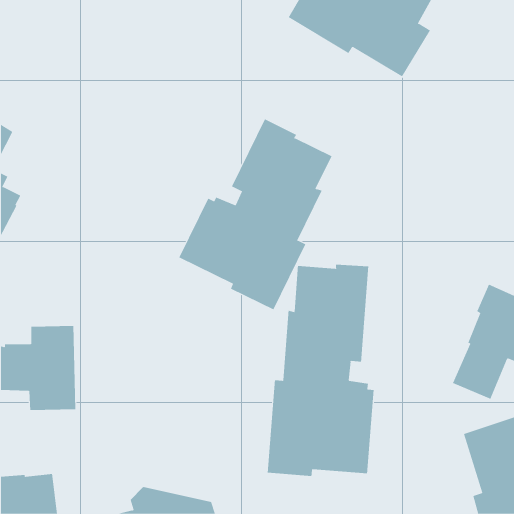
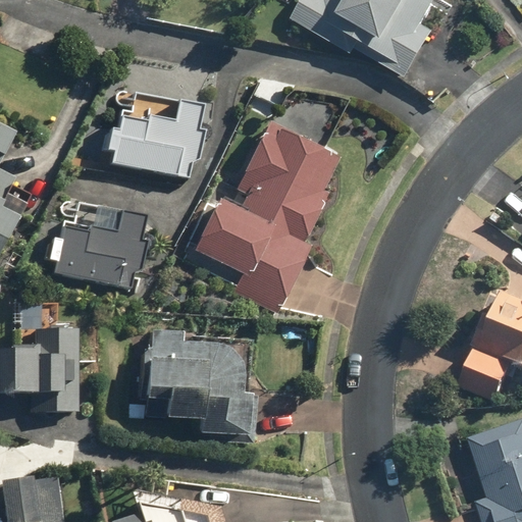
building: none -> [105,91,203,178]
building: none -> [45,201,148,290]
building: [267,264,374,477] -> none
building: none -> [140,330,250,435]

